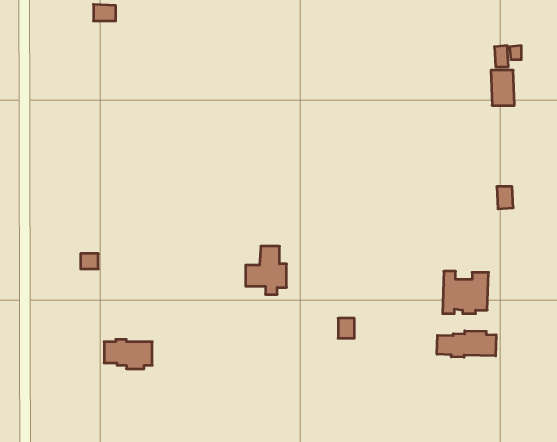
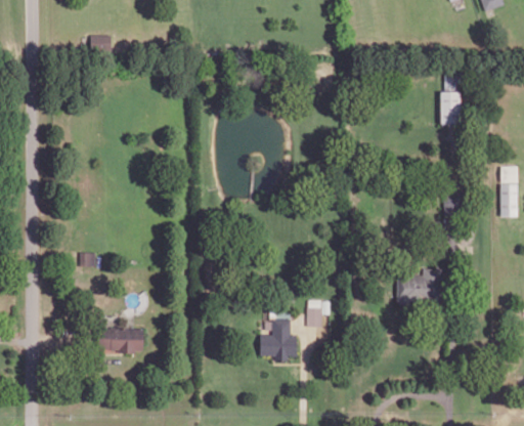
building: [246,246,287,294] -> [260,320,296,361]
building: [437,331,496,357] -> none

